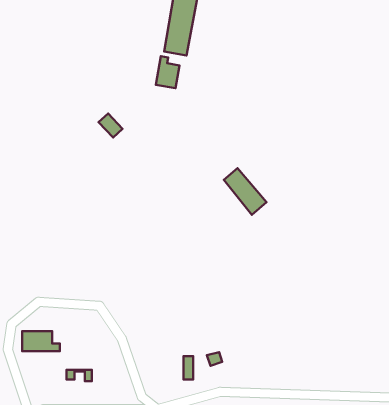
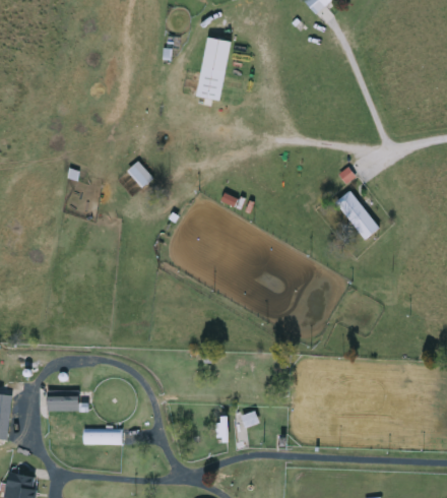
building: [156,56,179,88] -> none
building: [224,168,266,215] -> [334,191,379,240]

